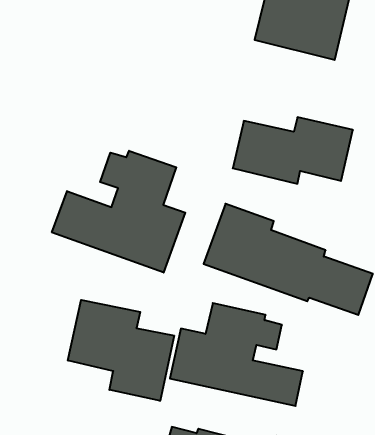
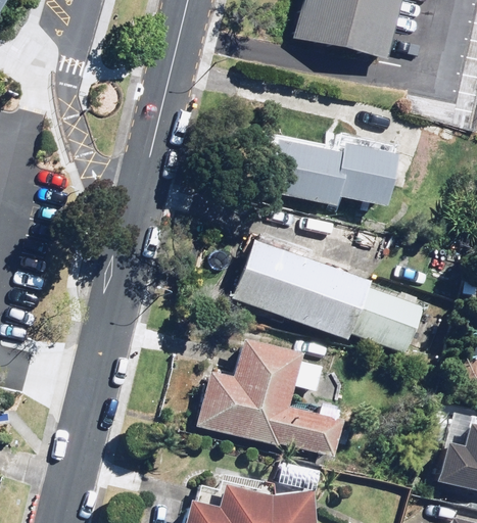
building: [52,151,185,273] -> none
building: [68,300,174,401] -> none

